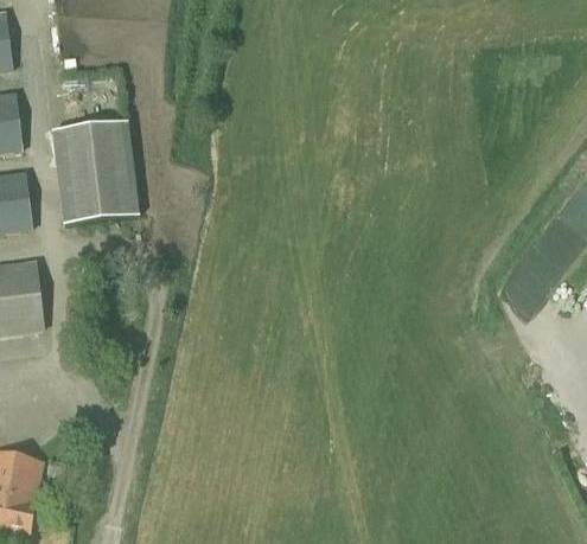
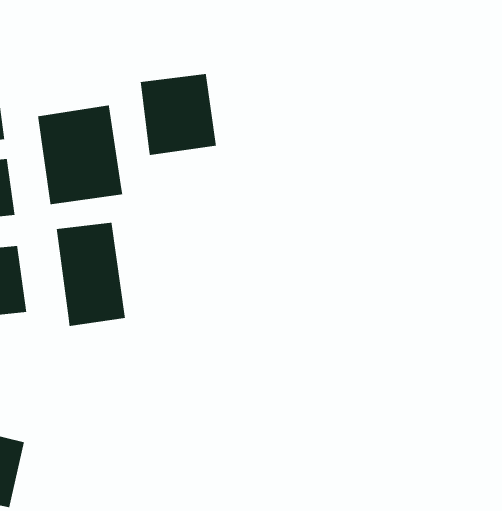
building: none -> [140,73,217,156]
building: none -> [56,222,126,327]

